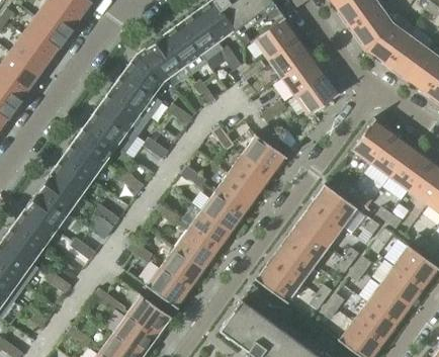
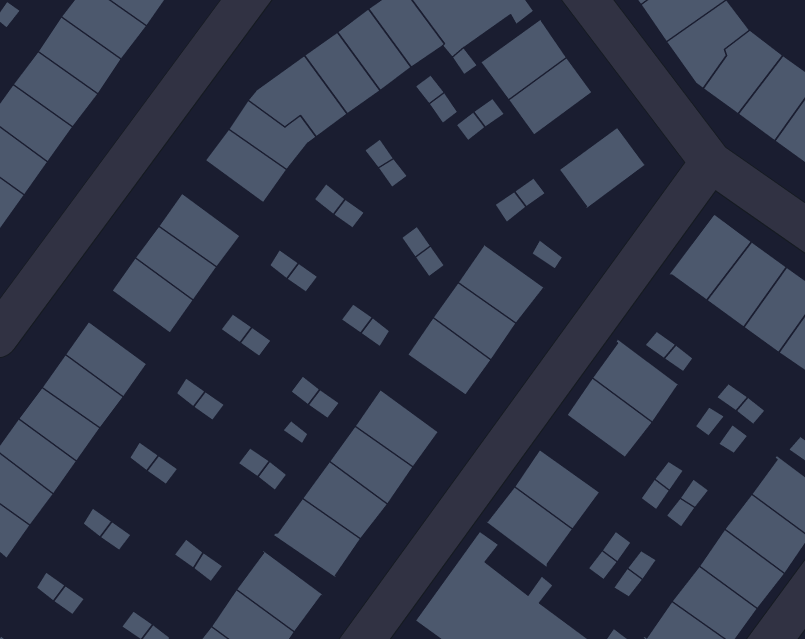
building: [281,56,325,96] -> none
building: [98,91,141,130] -> none
building: [50,159,92,197] -> none
building: [201,192,246,233] -> none
building: [284,224,329,264] -> none

